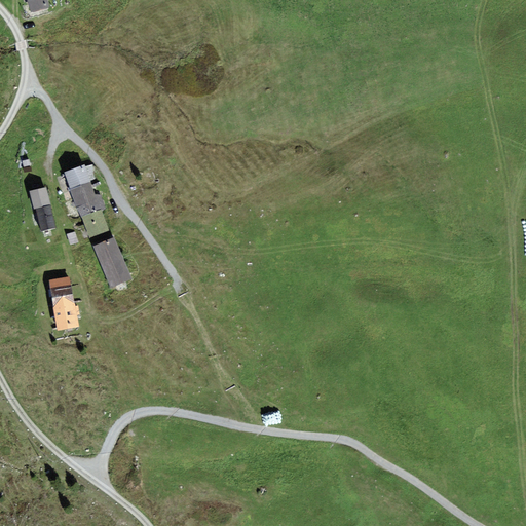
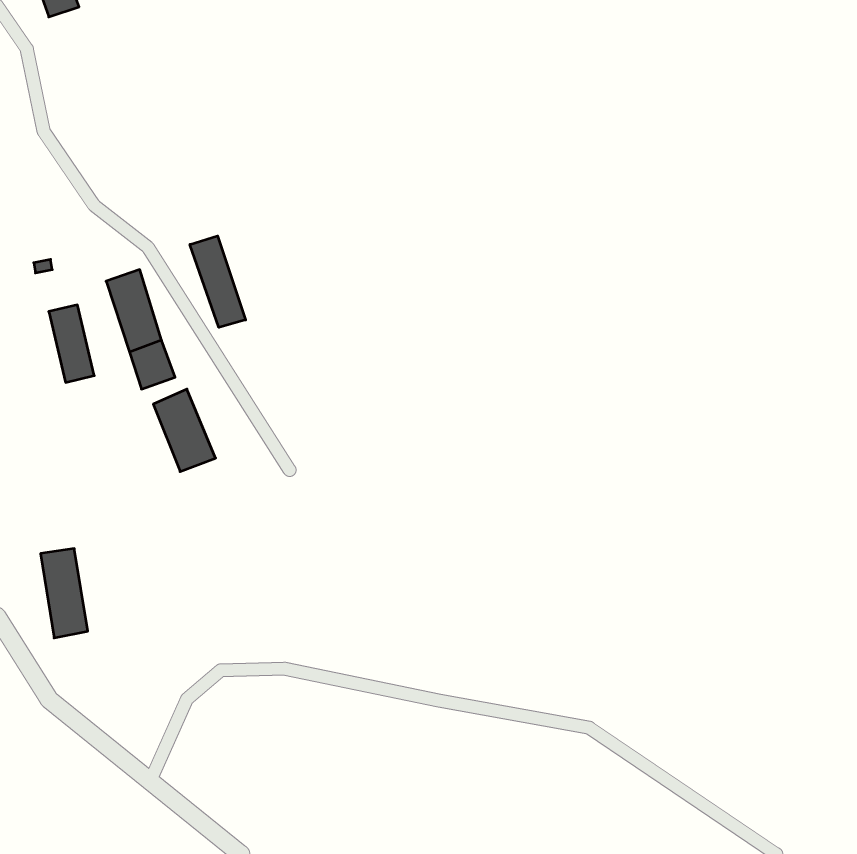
building: none -> [190,236,246,327]
building: [50,275,79,330] -> [41,549,88,638]

